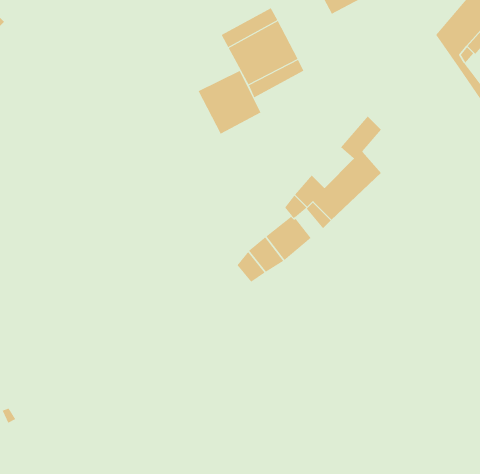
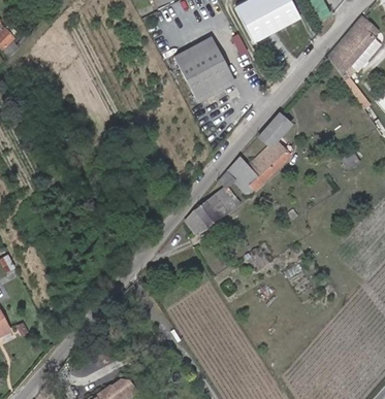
building: [198,70,261,134] -> none

